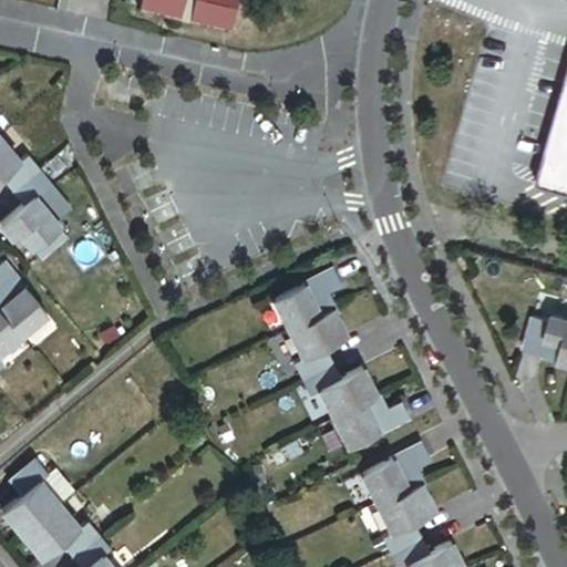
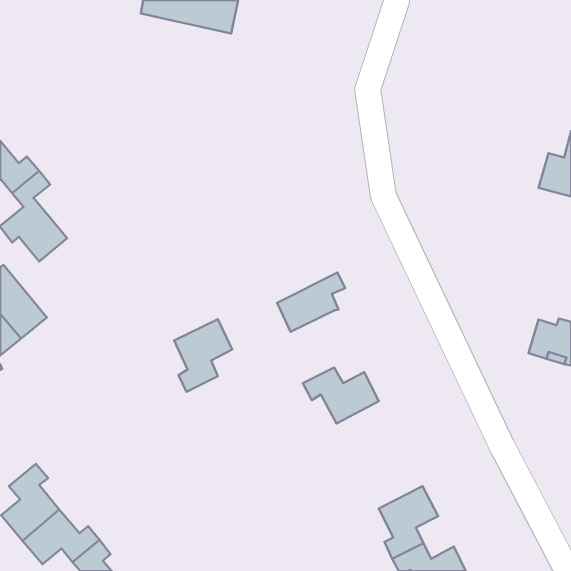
building: [288,308,346,380] -> [174,319,232,392]
building: [333,396,409,449] -> none
building: [361,443,429,504] -> none

